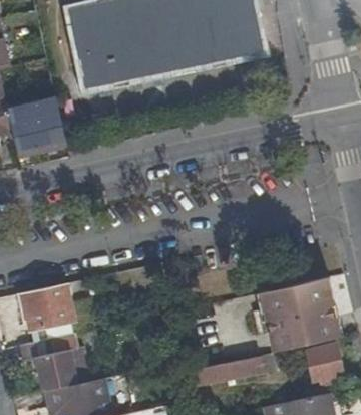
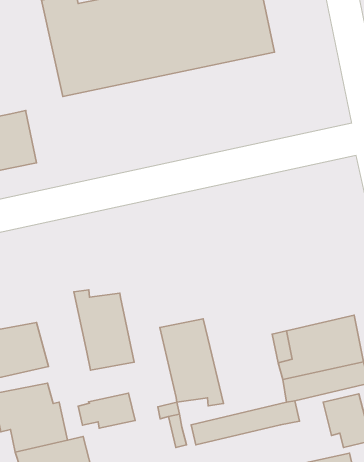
building: none -> [74,290,134,370]
building: none -> [160,319,224,406]
building: none -> [78,393,135,428]

